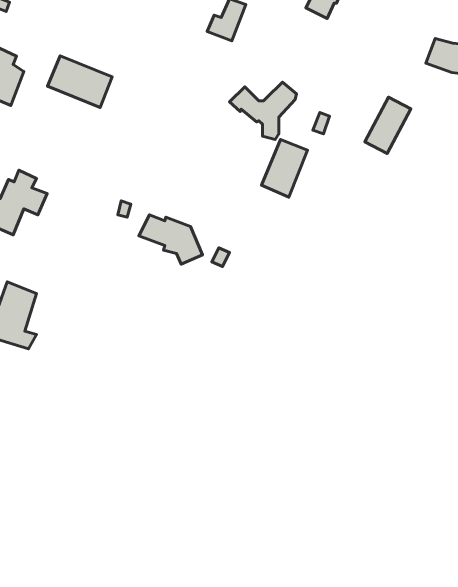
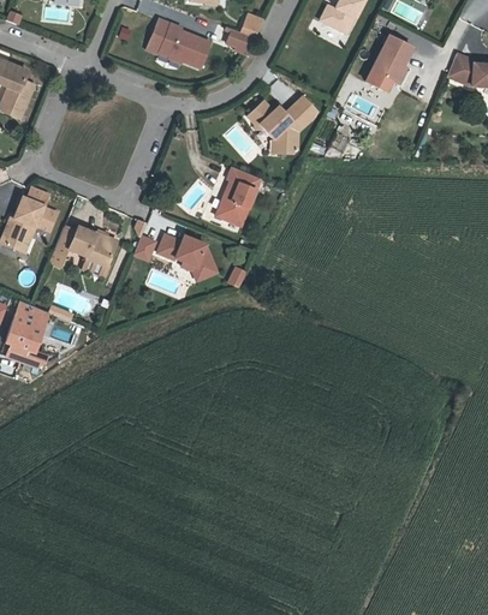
building: [47,56,112,107] -> [147,18,213,71]
building: [365,97,411,153] -> [365,35,412,92]
building: [262,139,307,197] -> [213,168,260,227]
building: none -> [49,223,118,267]

